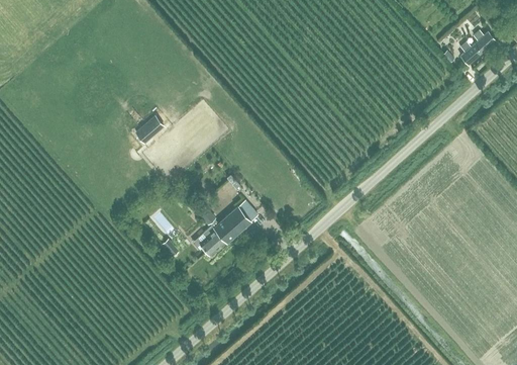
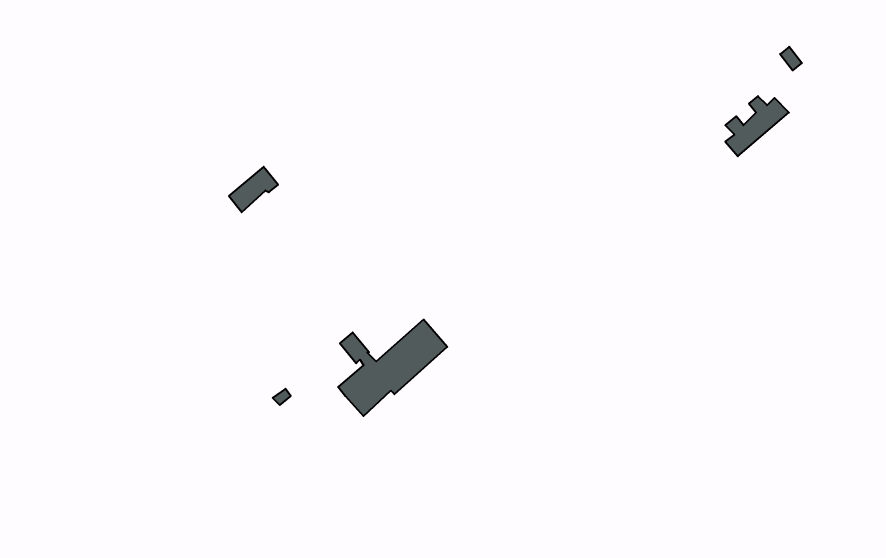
building: [460,30,496,64] -> [725,96,789,156]

